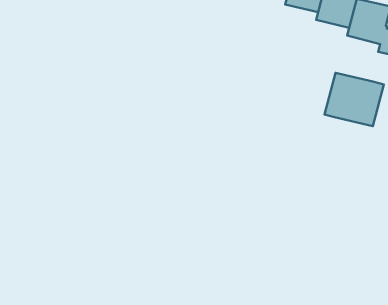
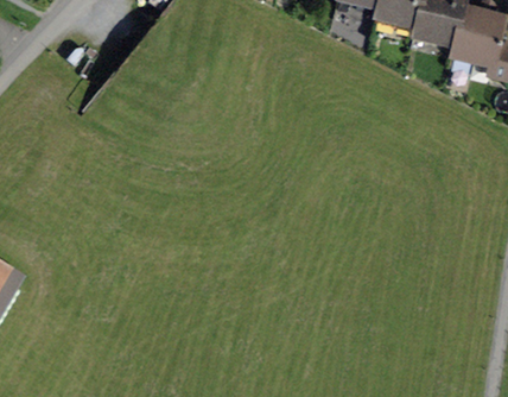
building: [325,73,384,126] -> none

